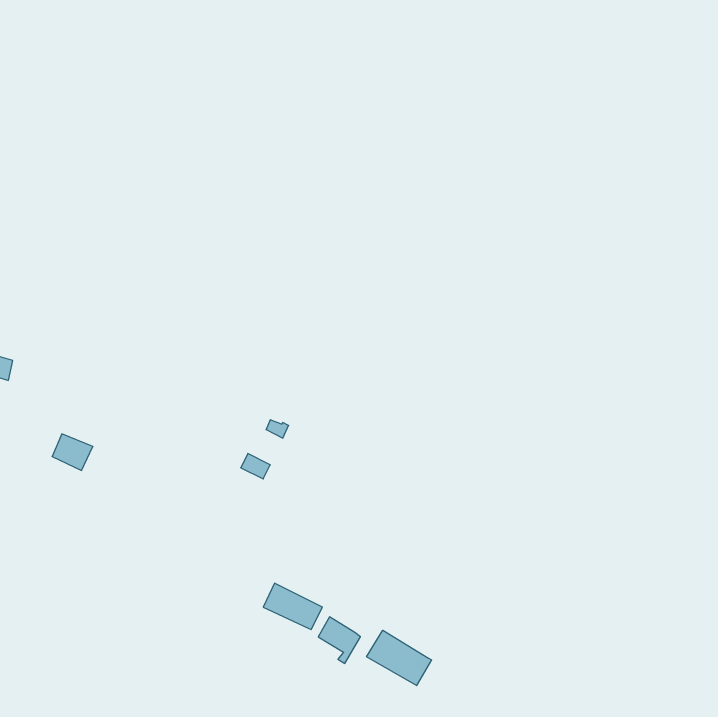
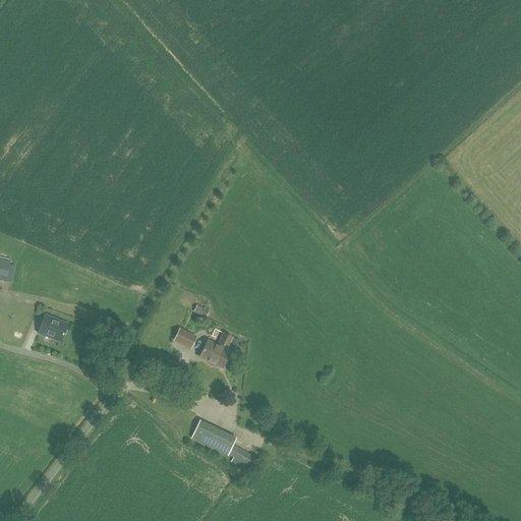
building: none -> [198,332,231,366]
building: [367,630,432,686] -> none

